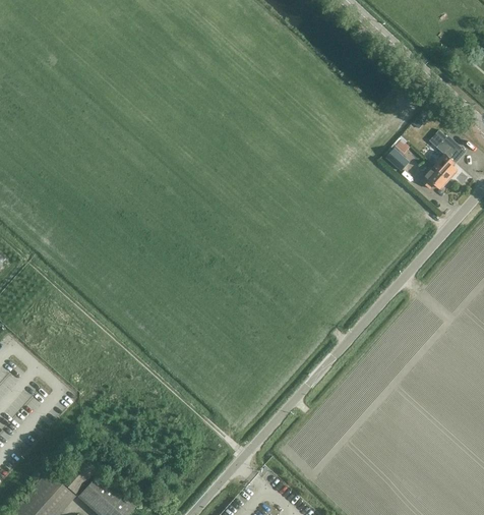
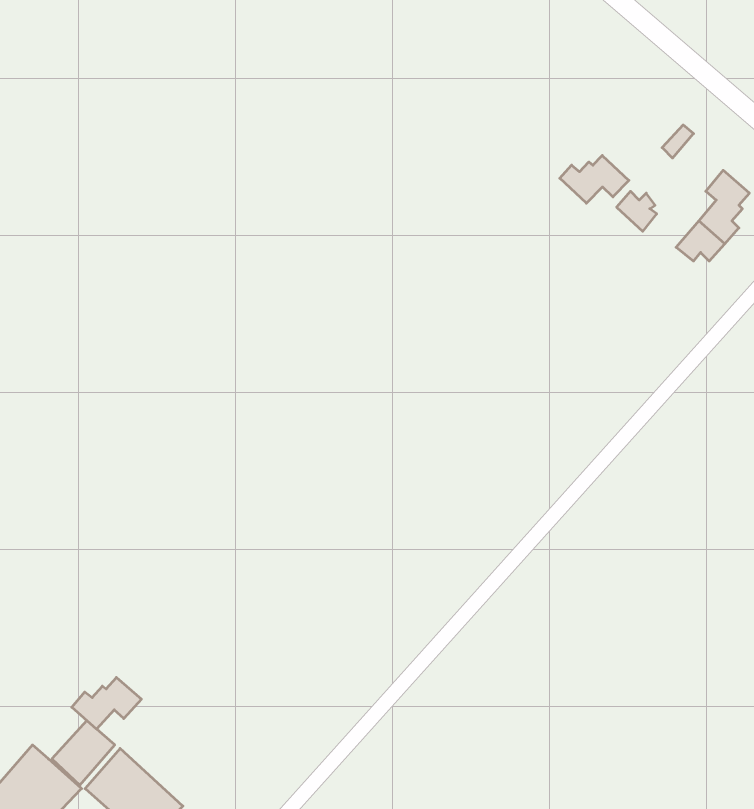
building: none -> [560,155,629,203]
building: none -> [72,677,141,729]

